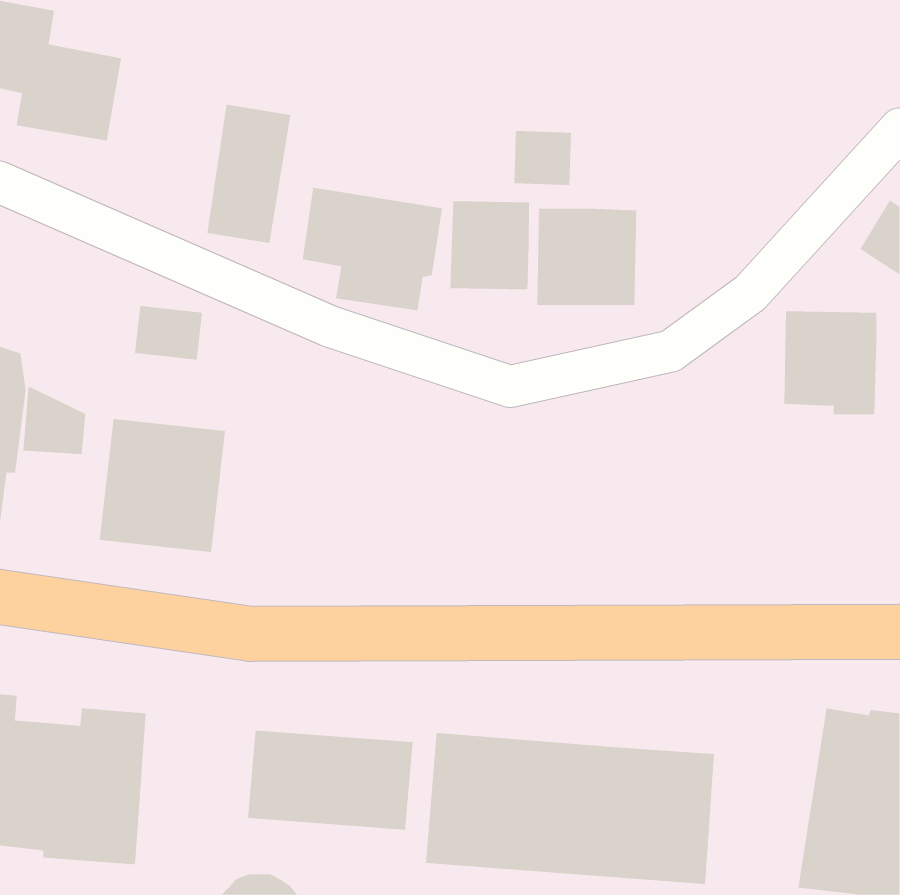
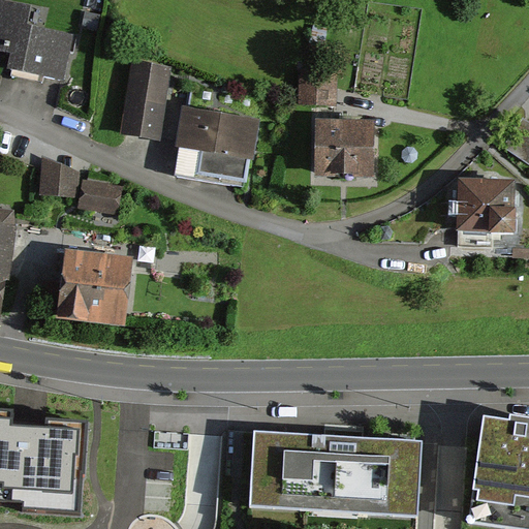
building: [450,200,529,290] -> none
building: [23,386,86,454] -> [39,156,76,196]
building: [248,730,413,830] -> none

